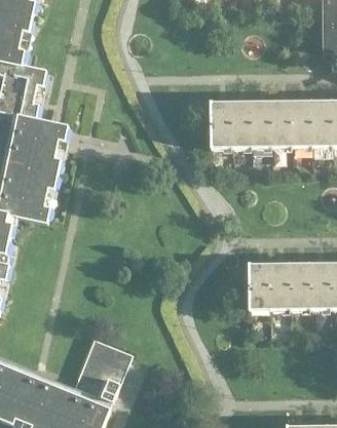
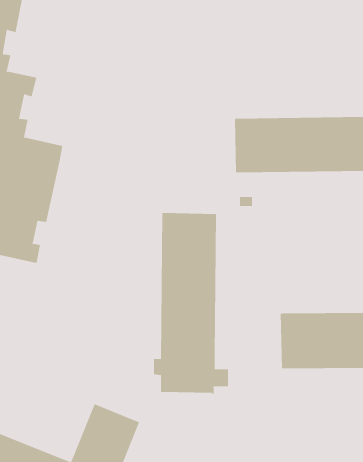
building: none -> [153,212,229,395]

